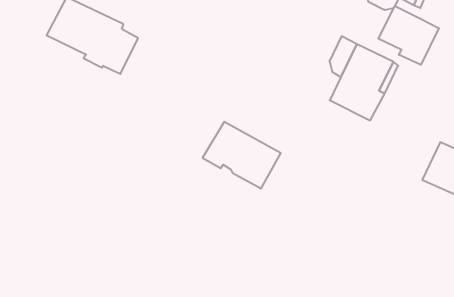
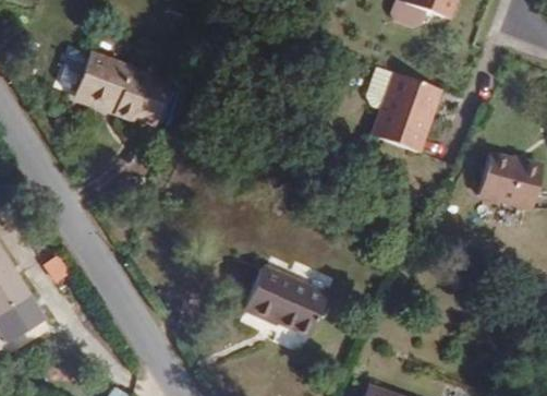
building: [378,6,439,65] -> none
building: [203,122,281,189] -> [242,268,325,335]

